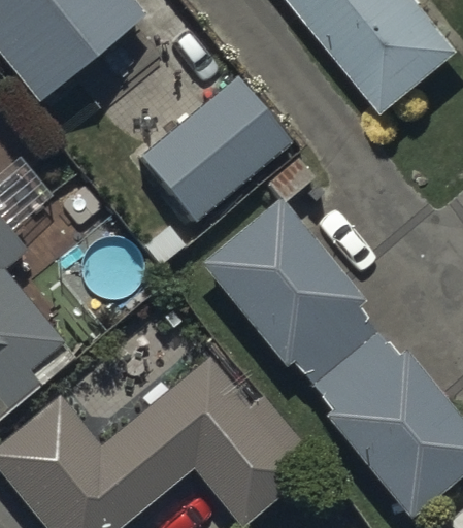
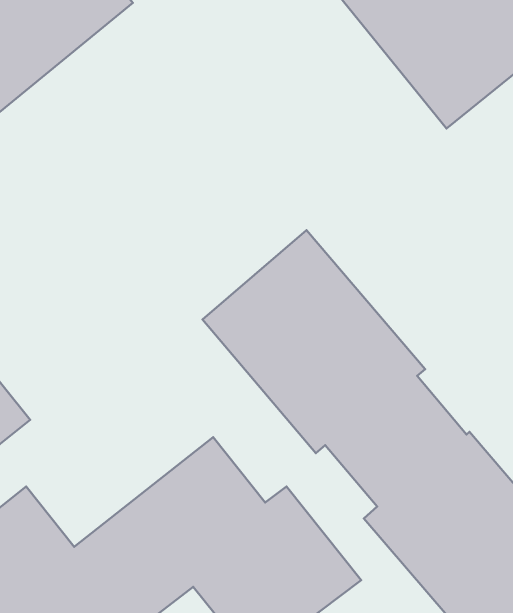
building: [140,77,291,223] -> none

